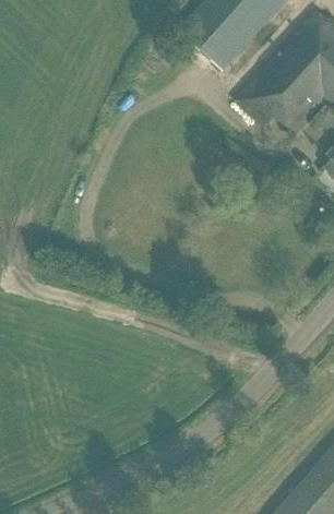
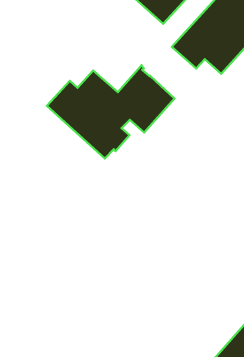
building: none -> [47,65,175,158]

